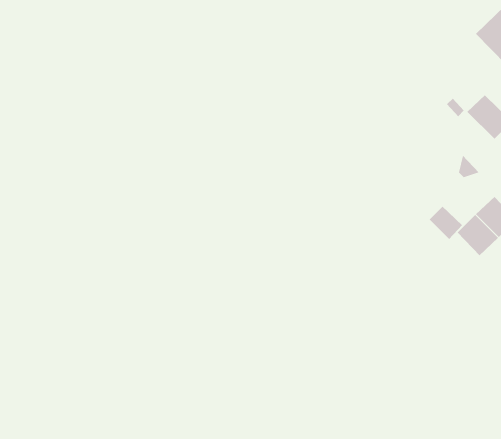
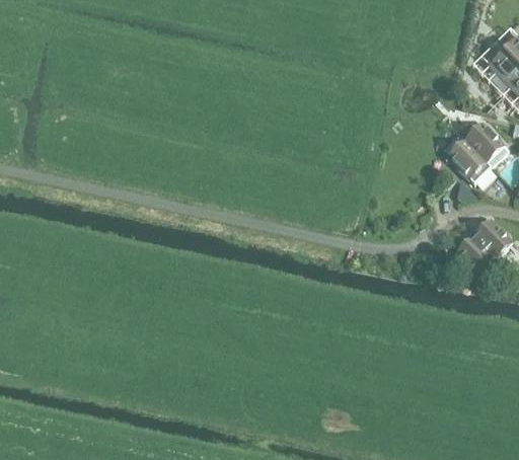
building: none -> [448,138,492,181]
building: [429,206,463,240] -> none

